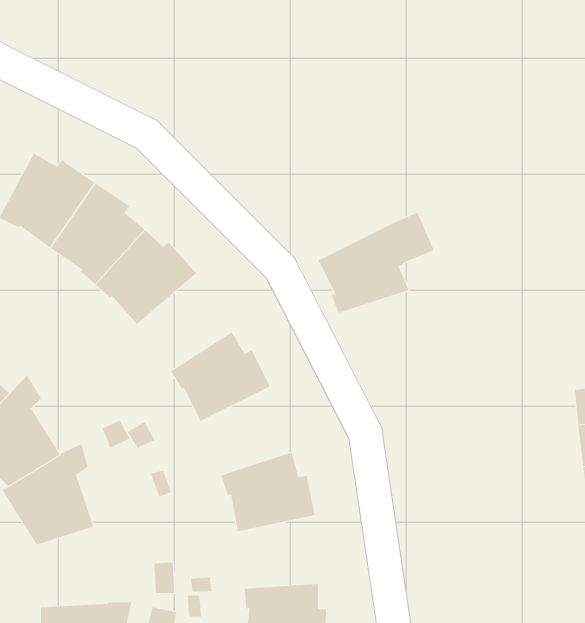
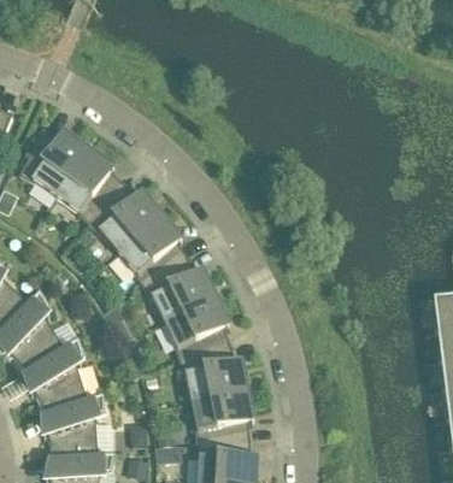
building: [318,212,435,314] -> [165,288,249,361]
building: none -> [119,216,188,287]
building: none -> [192,390,254,443]
building: none -> [41,393,106,457]

